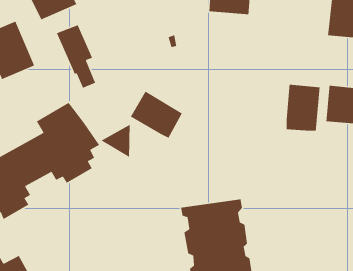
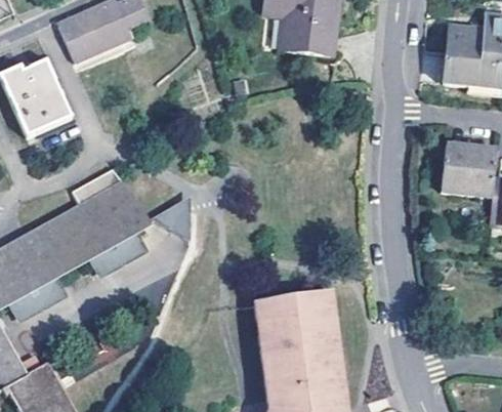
building: [56,24,96,89] -> none
building: [286,84,320,132] -> none
building: [130,91,183,139] -> none

